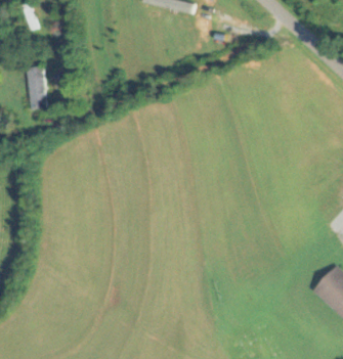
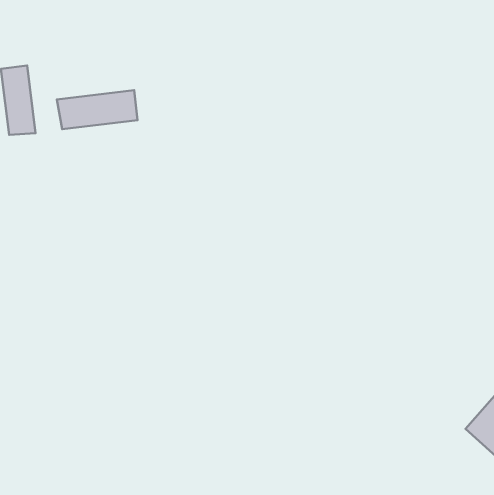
building: none -> [57,90,138,129]

